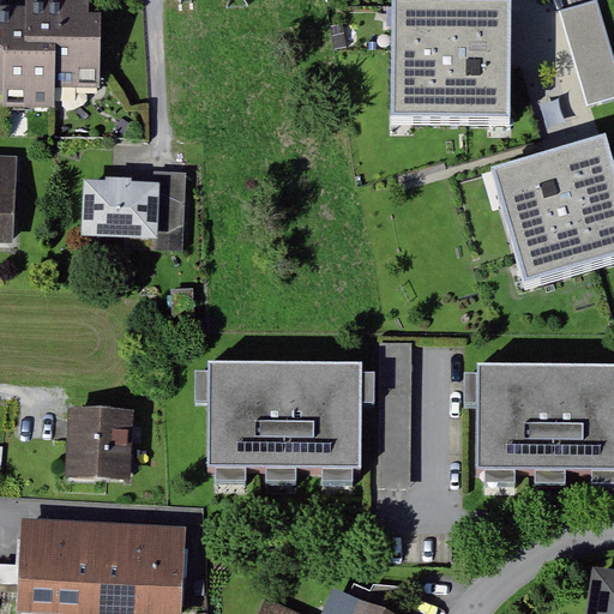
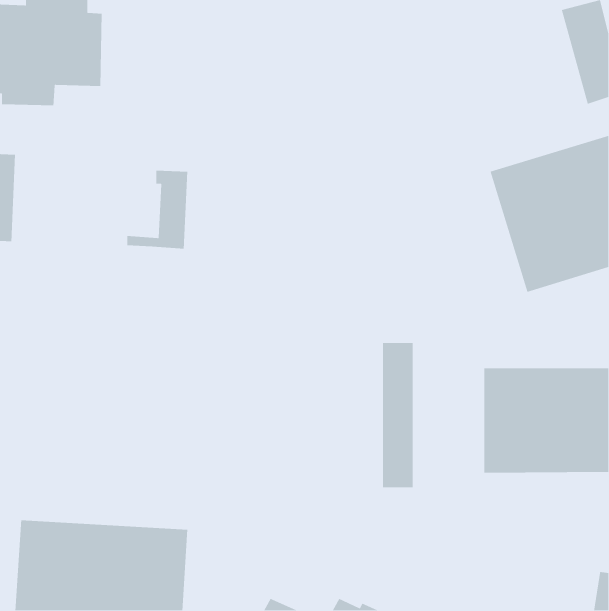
building: [392,5,508,121] -> none
building: [84,177,159,236] -> none
building: [211,363,363,469] -> none
building: [70,408,133,480] -> none

